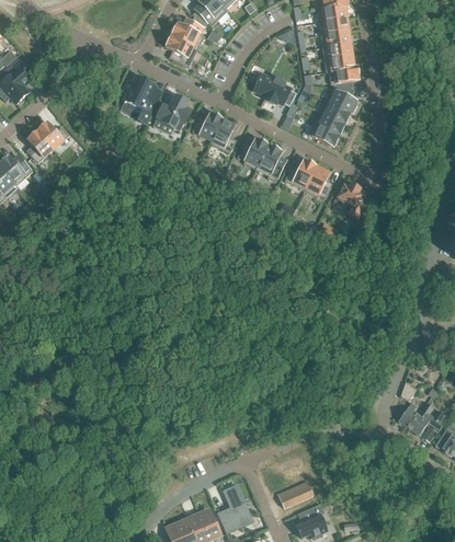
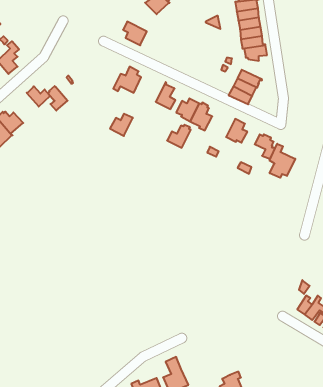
building: [170,19,204,48] -> none
building: [255,76,296,105] -> none
building: [123,77,155,123] -> none
building: [325,85,359,113] -> none
building: [192,111,223,140] -> [110,114,133,136]
building: [26,129,53,162] -> [48,86,68,111]
building: [284,159,316,189] -> [167,125,191,148]
building: none -> [270,144,295,178]
building: [277,481,312,508] -> none

